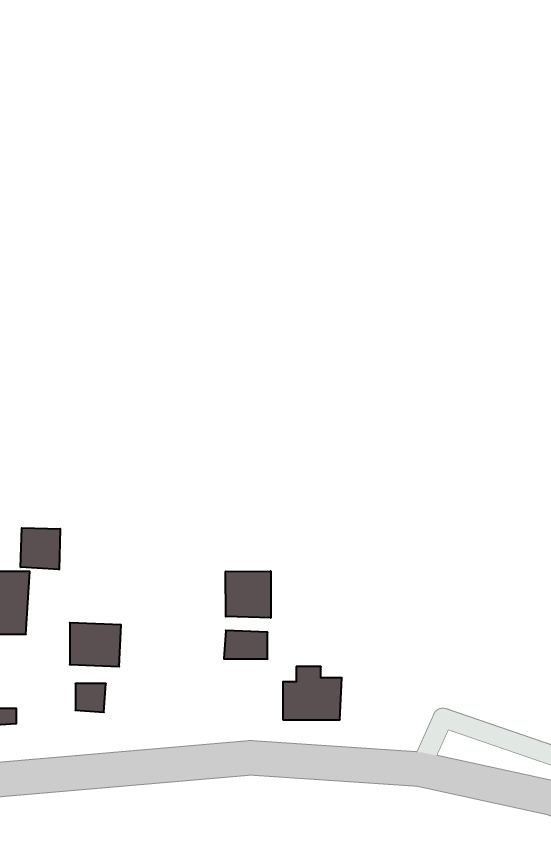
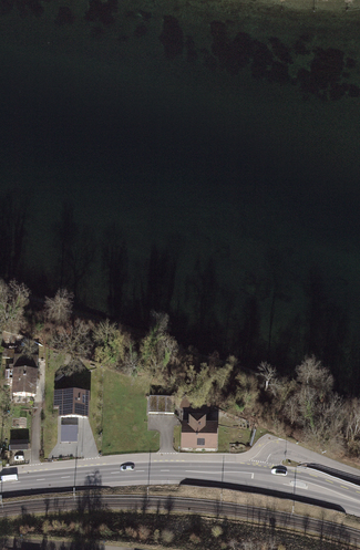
building: [21,528,60,570] -> none
building: [226,571,271,618] -> none

